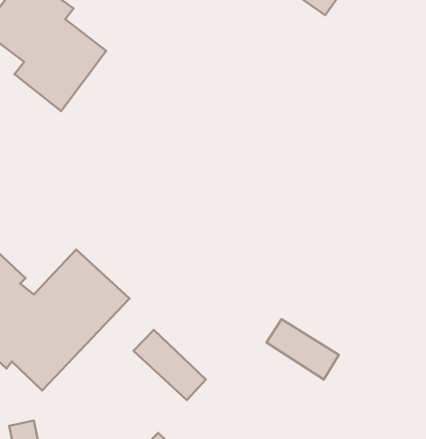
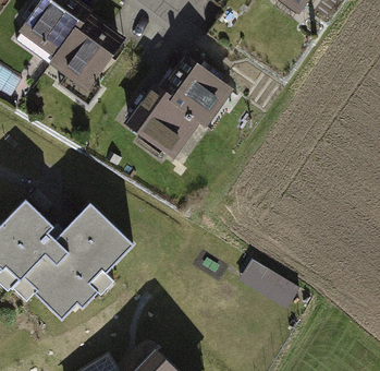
building: none -> [121,58,229,160]
building: [133,330,206,400] -> none

